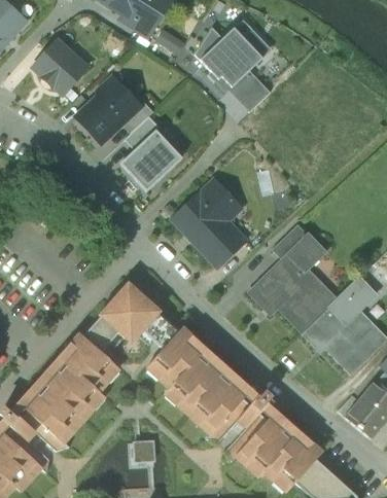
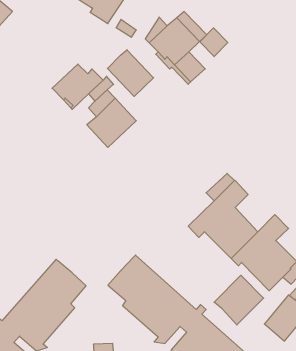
building: none -> [200,28,228,57]
building: [32,40,86,94] -> none
building: none -> [107,50,154,96]
building: [173,180,245,265] -> none
building: [82,284,179,351] -> none
building: none -> [214,275,264,325]

